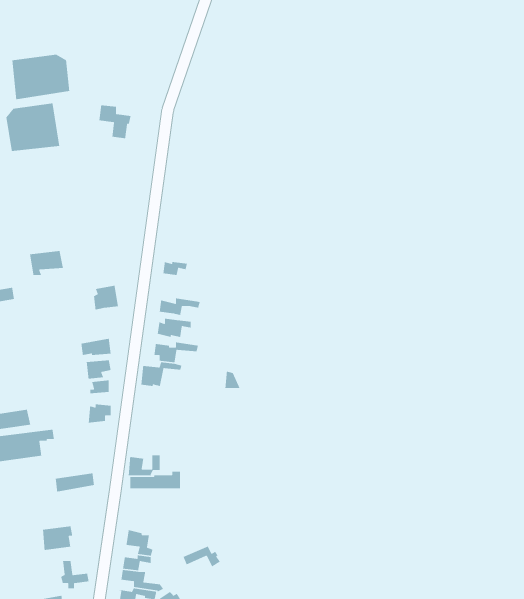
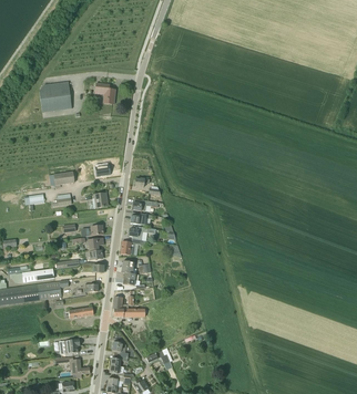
building: [11,54,70,100] -> none

